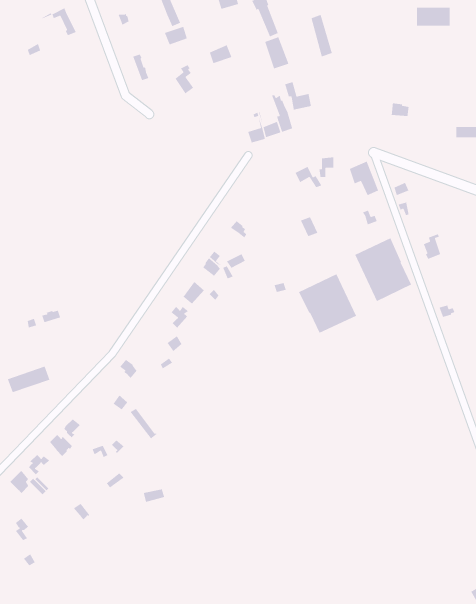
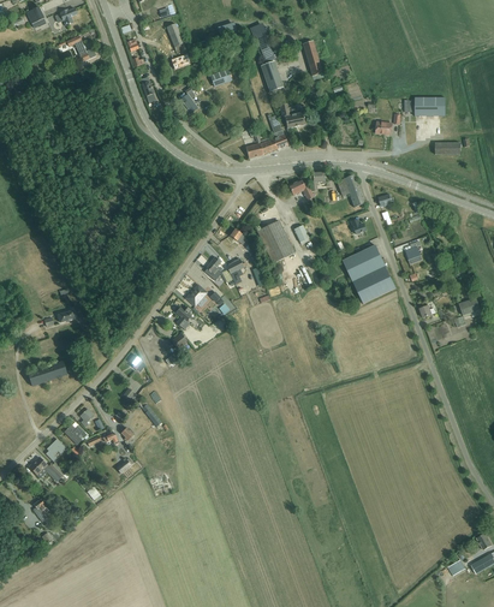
building: [416,7,450,27] -> [415,97,446,115]
building: none -> [257,220,294,263]
building: [298,273,357,334] -> none

